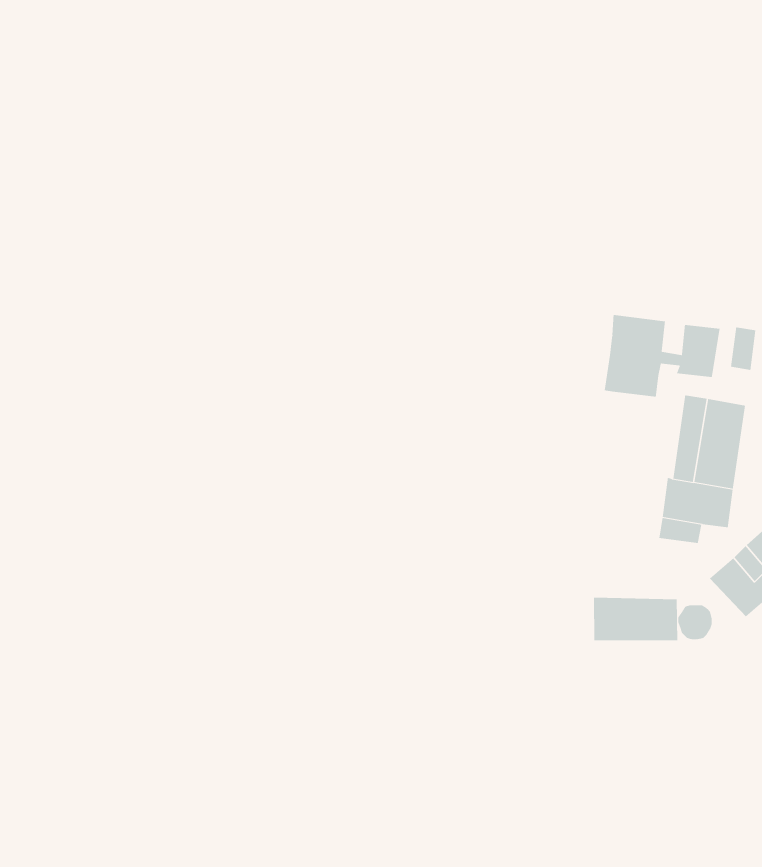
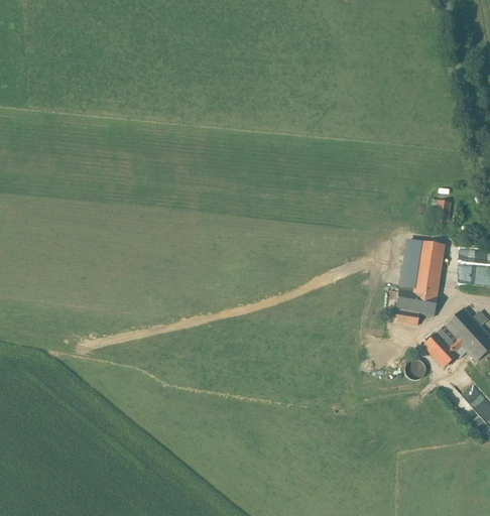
building: [604,314,720,398] -> none
building: [594,597,678,641] -> none

